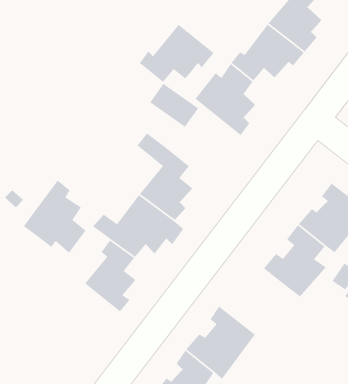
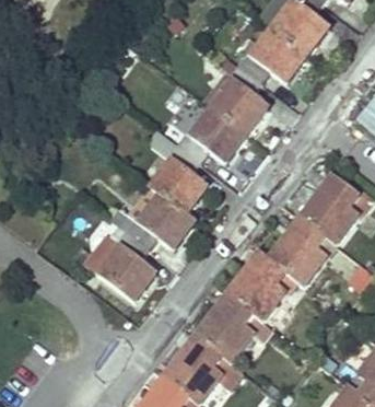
building: [139,24,214,83] -> [177,105,248,161]
building: [23,180,86,254] -> none
building: none -> [227,252,295,319]

